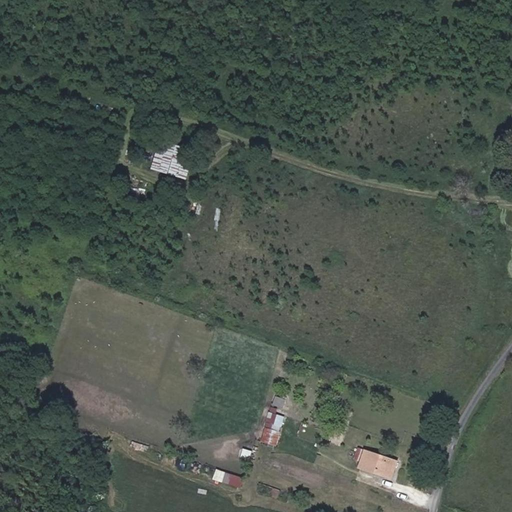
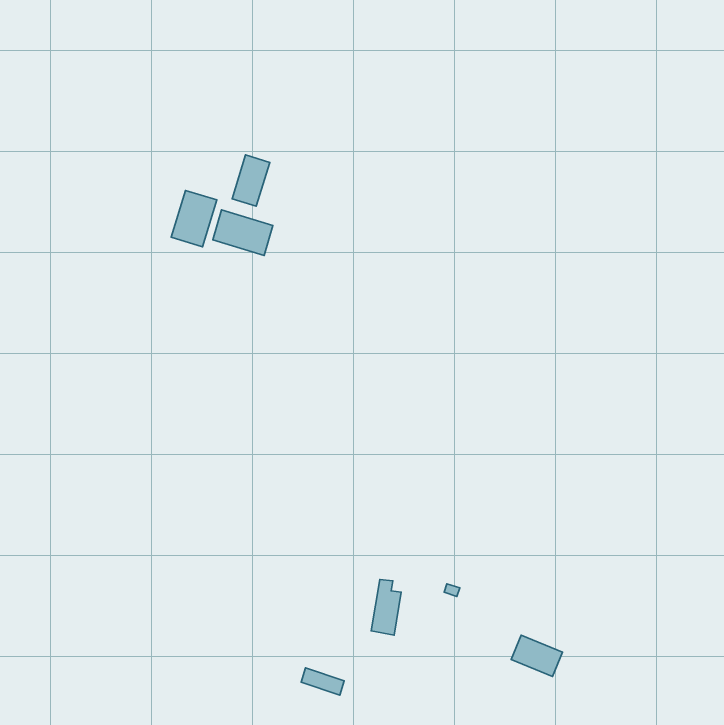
building: none -> [232,155,270,206]
building: none -> [171,190,217,247]

